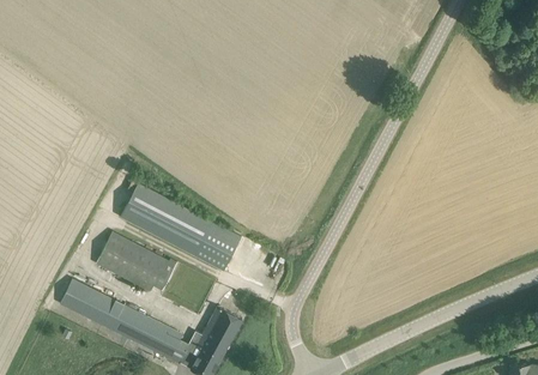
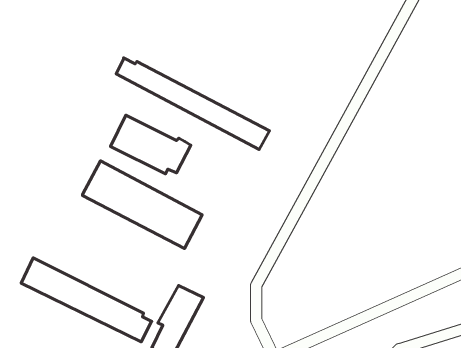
building: none -> [116,58,270,150]
building: [96,232,176,291] -> [110,115,191,174]

